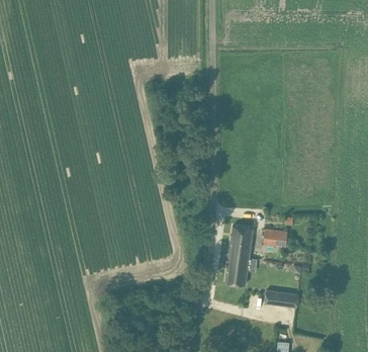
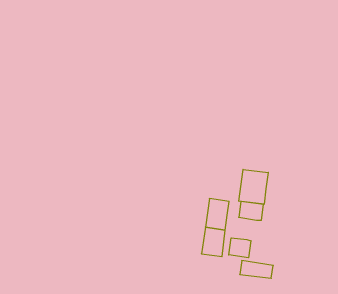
building: none -> [239,169,268,204]
building: none -> [229,238,251,258]

